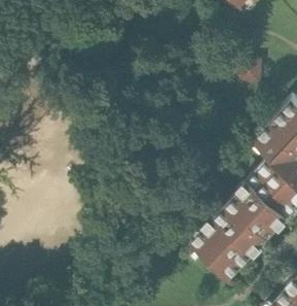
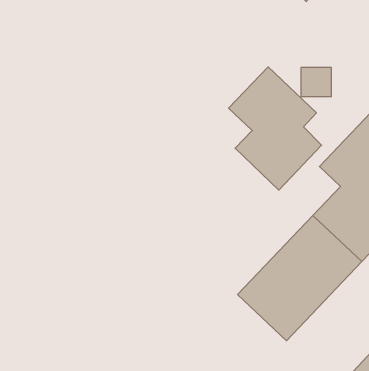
building: none -> [229,67,322,190]

